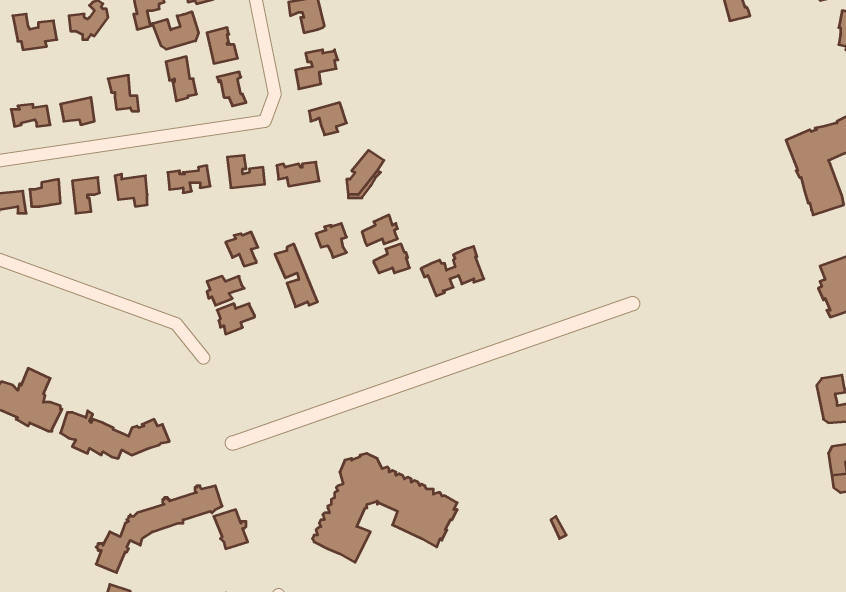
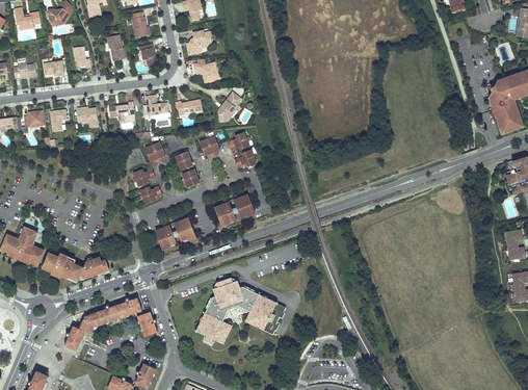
building: [152,12,198,49] -> none
building: [421,246,484,296] -> [214,196,253,226]
building: none -> [154,219,191,249]

